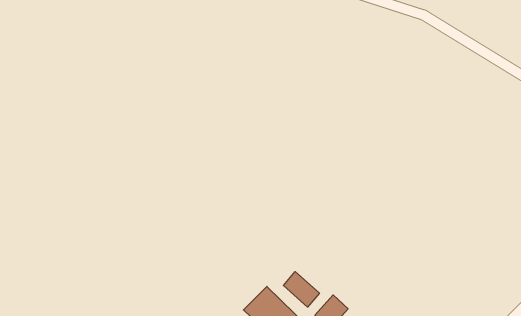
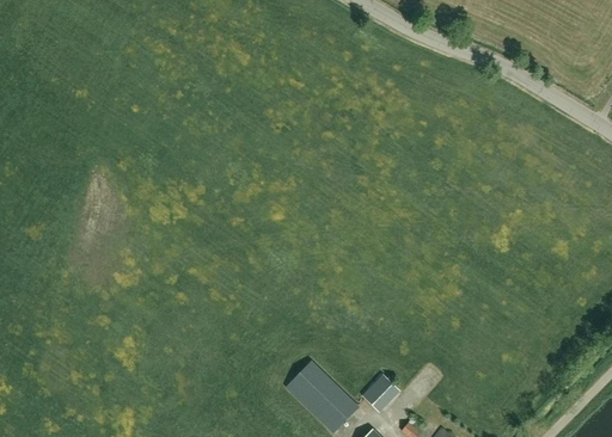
building: [283,272,319,307] -> none

